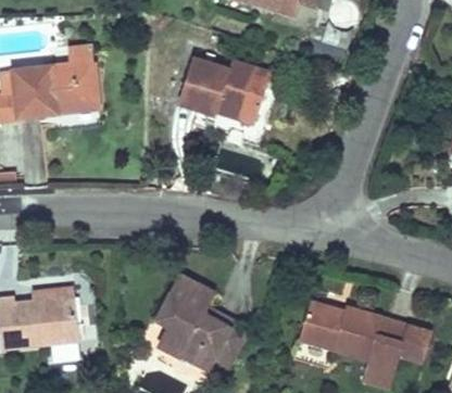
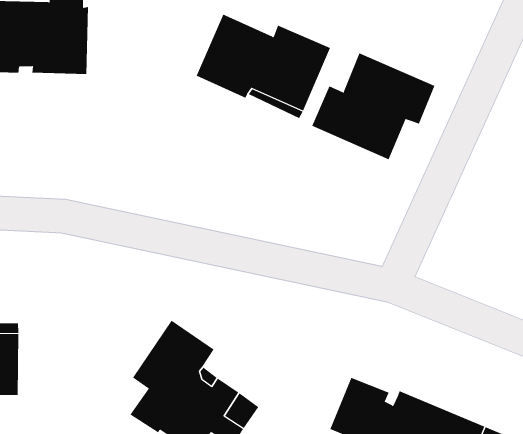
building: none -> [311,53,435,160]

